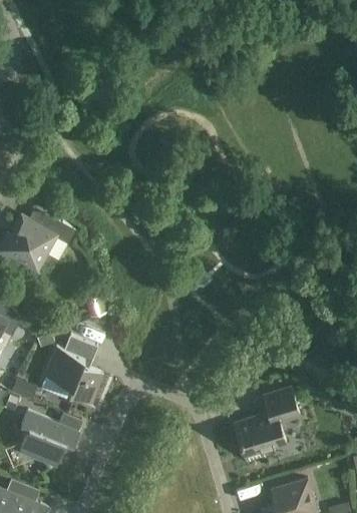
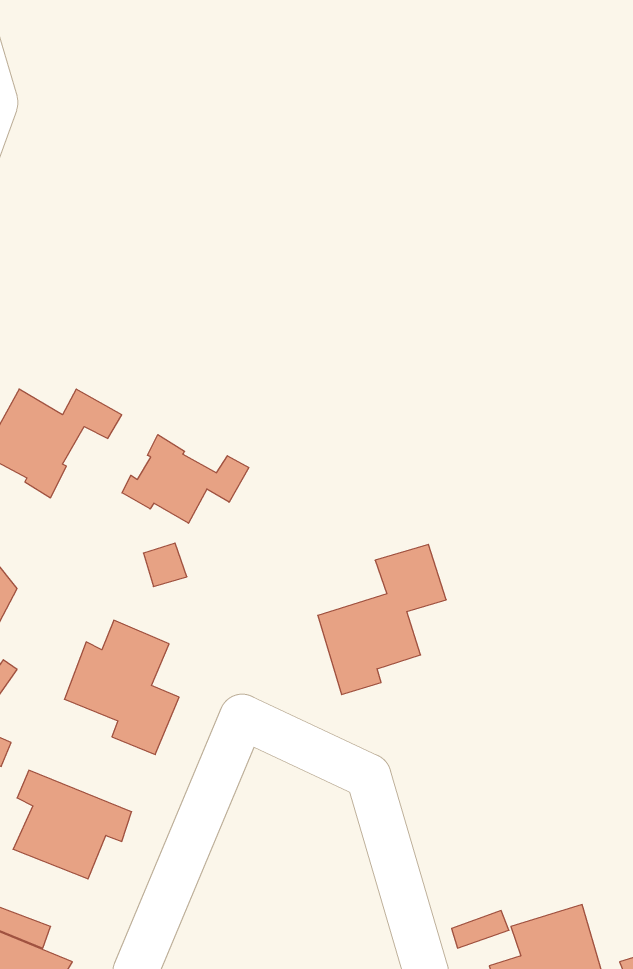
building: none -> [122,435,249,523]
building: [234,388,299,464] -> [318,544,446,695]

